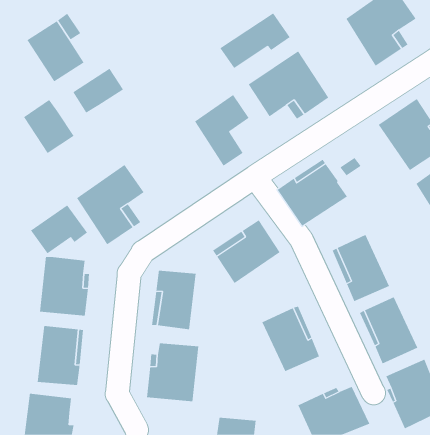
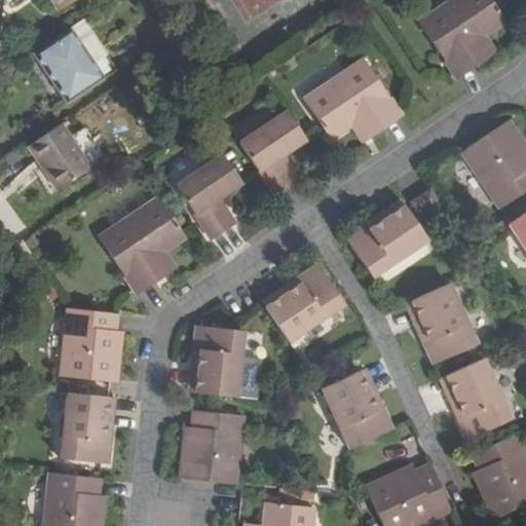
building: [219,13,291,69] -> none
building: [73,68,124,113] -> none
building: none -> [177,156,245,242]
building: [30,204,88,254] -> none

